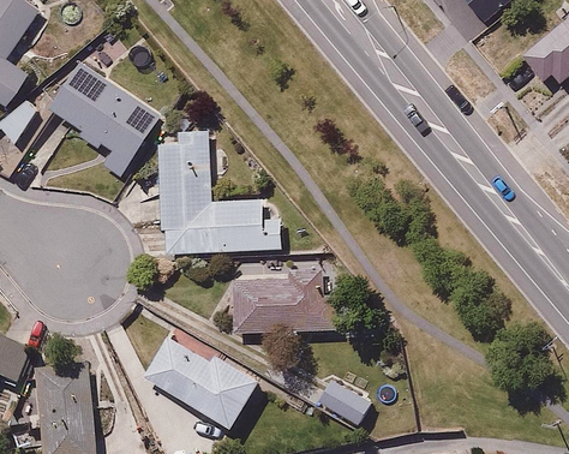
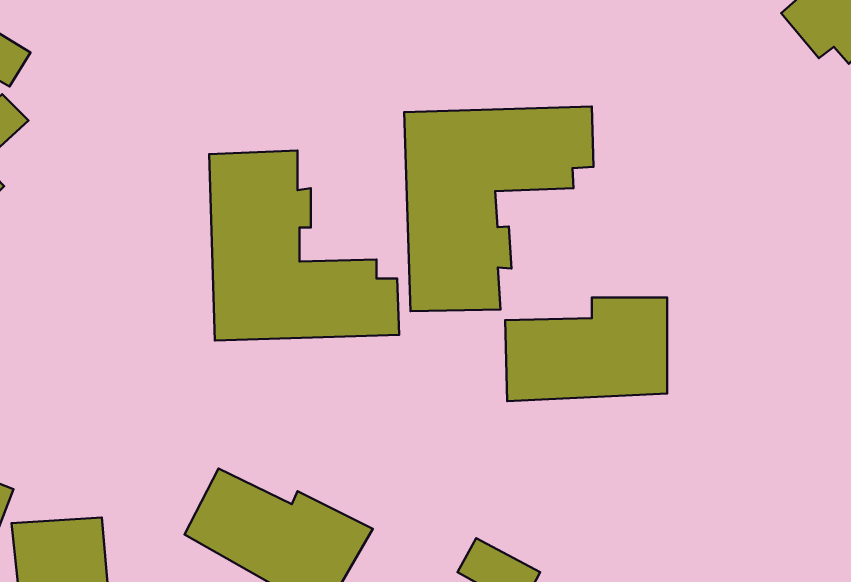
building: [48,52,161,172] -> none
building: none -> [404,107,593,311]
building: [230,269,334,335] -> [505,298,667,401]

